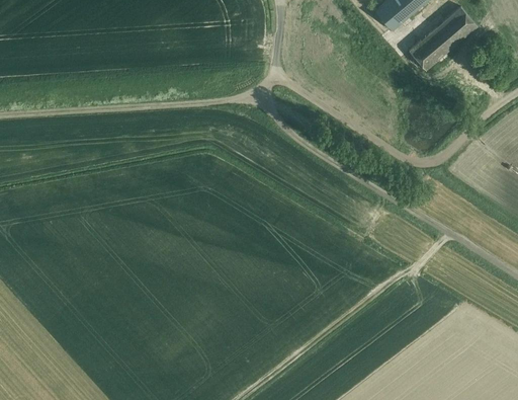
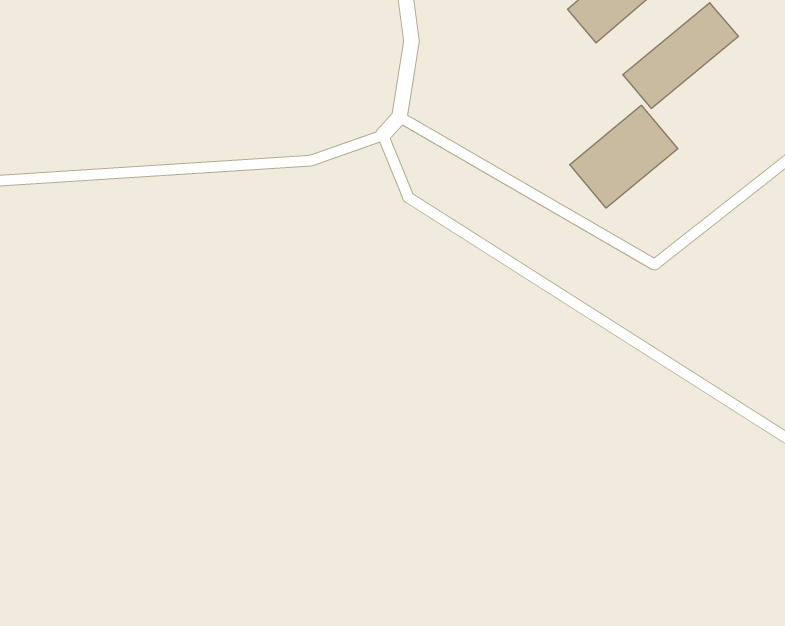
building: none -> [570,105,678,208]

